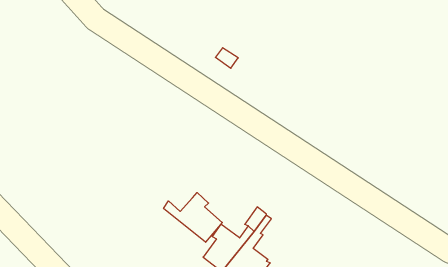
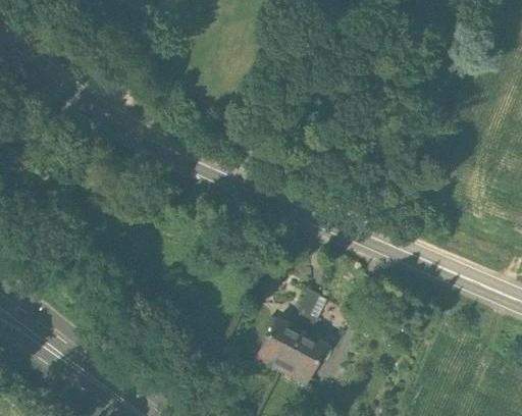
building: [164,193,222,242] -> none

